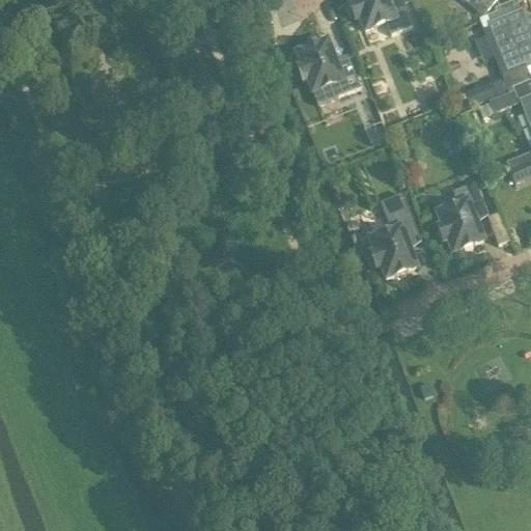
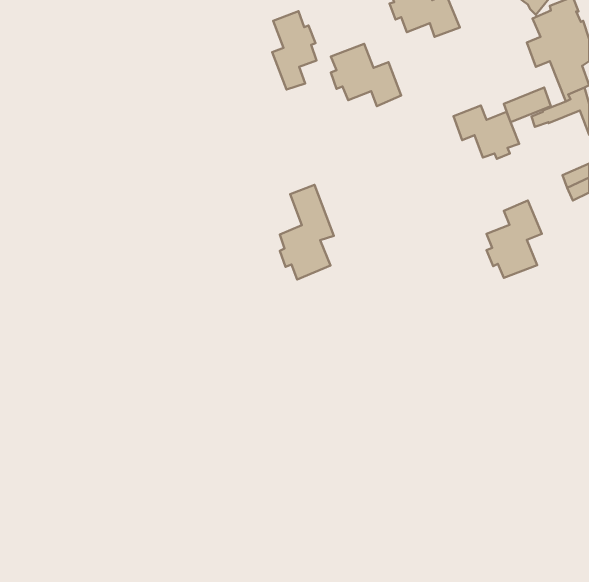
building: none -> [272,11,317,89]
building: none -> [453,105,519,159]
building: [371,192,420,277] -> [280,185,334,279]

